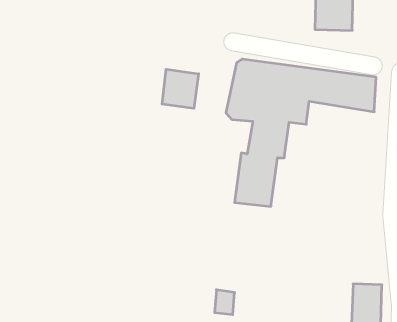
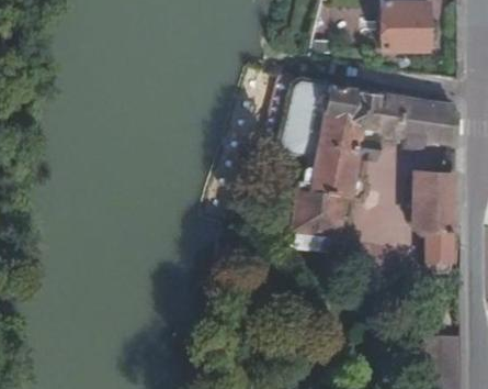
building: [162,69,199,108] -> none
building: none -> [415,174,454,275]

